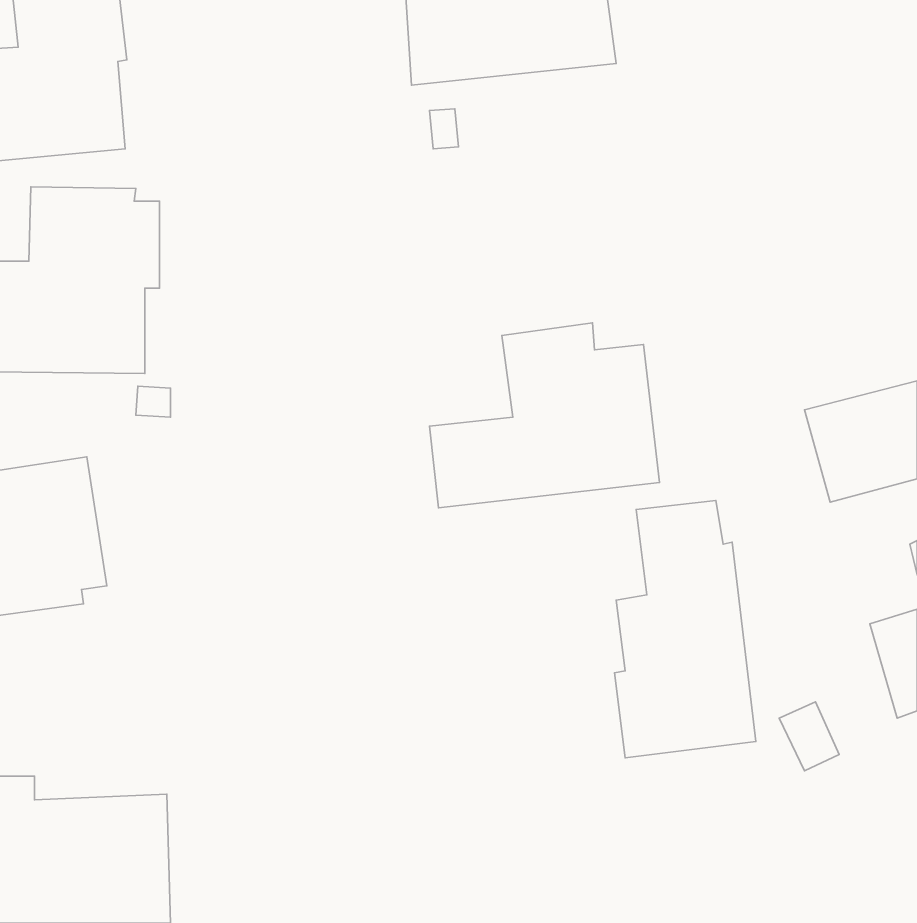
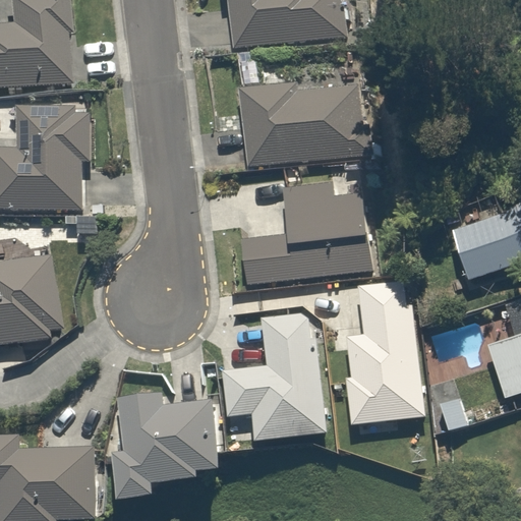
building: none -> [238,80,362,167]
building: none -> [222,313,327,442]
building: none -> [112,392,220,501]

